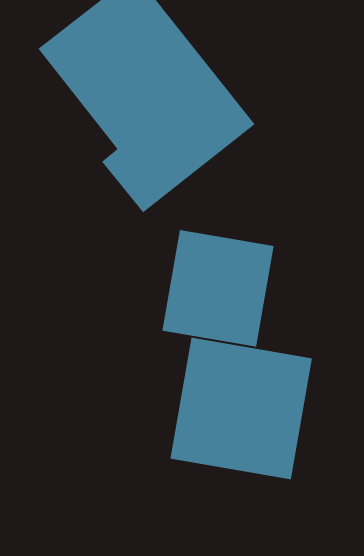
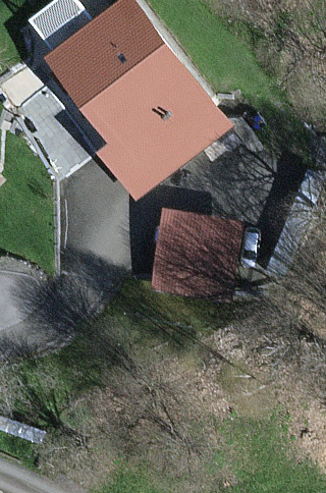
building: [170,337,312,480] -> none

